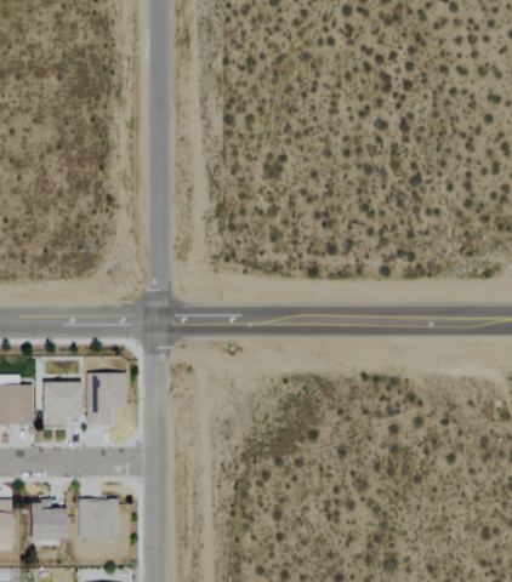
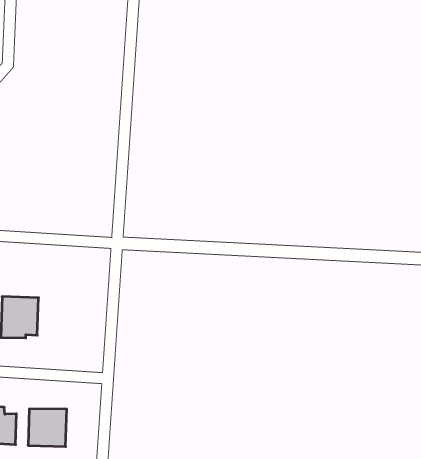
building: [86,372,126,424] -> none

